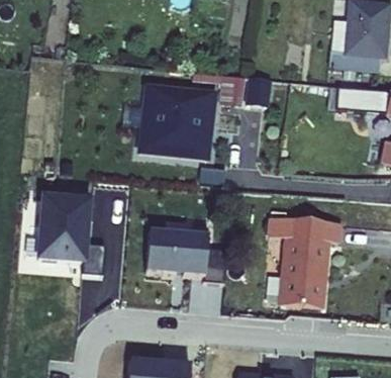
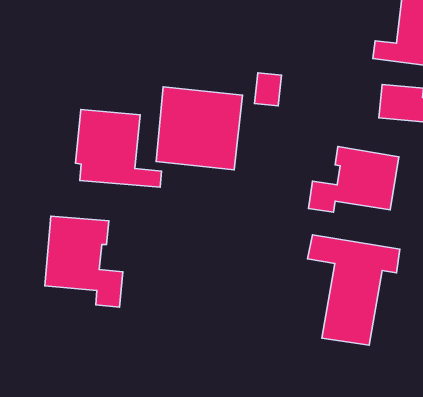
building: none -> [75,109,162,187]
building: none -> [309,147,399,212]
building: [154,221,234,277] -> none

